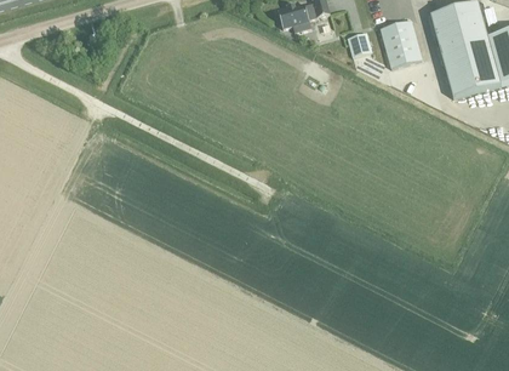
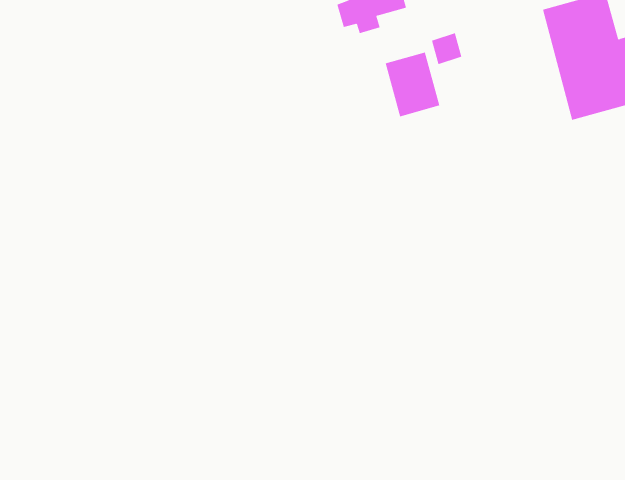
building: [381,18,422,67] -> [385,52,440,117]

